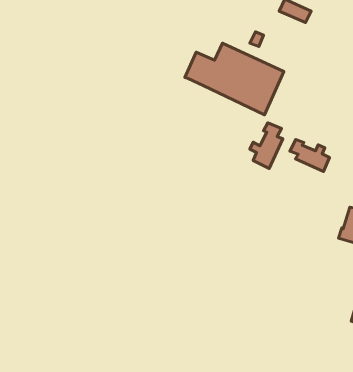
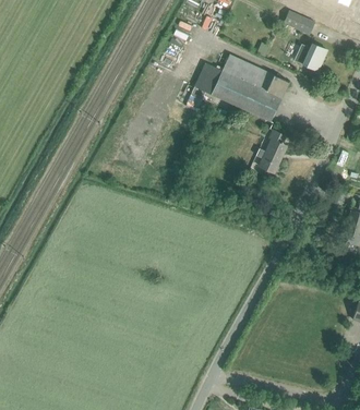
building: none -> [295,44,326,70]
building: [290,140,330,172] -> none

